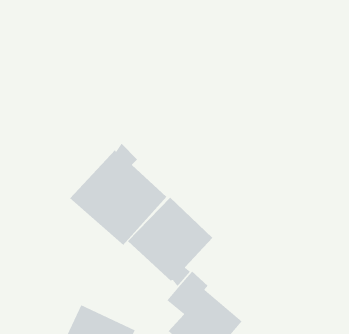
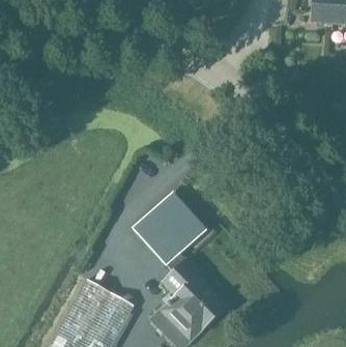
building: [69,143,167,246] -> none

